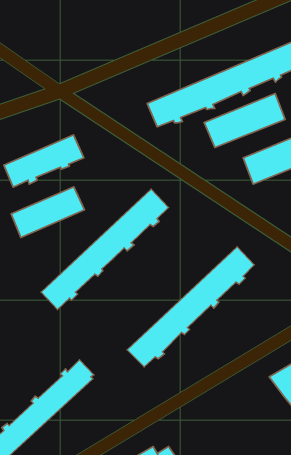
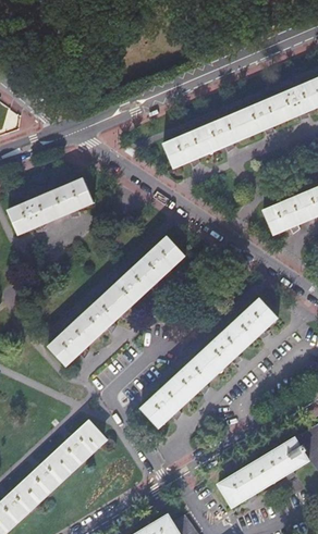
building: [204,94,285,148] -> none
building: [11,187,84,238] -> none
building: none -> [218,438,309,507]

